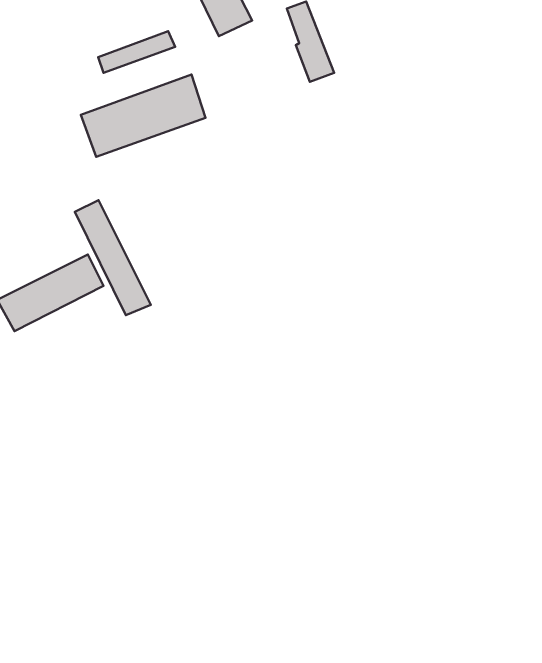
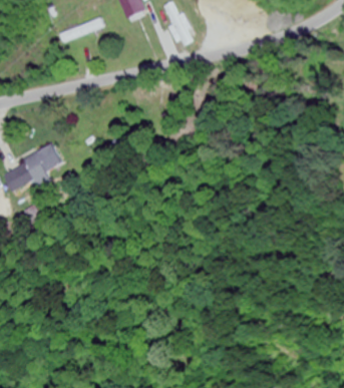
building: [81,74,206,157] -> none
building: [75,200,151,315] -> none

